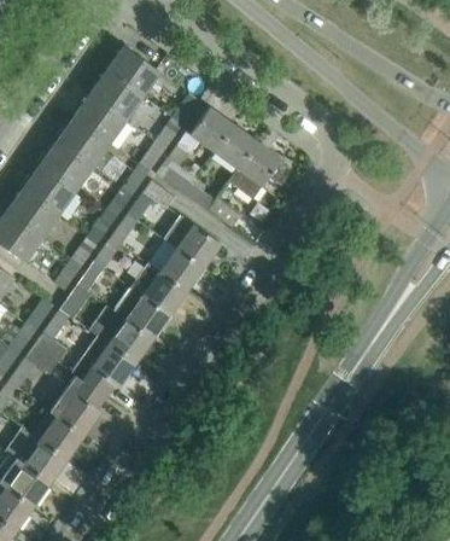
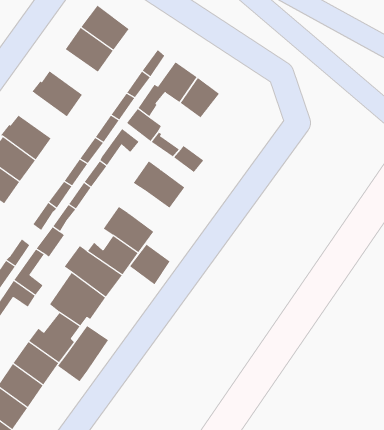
building: [72,94,125,144] -> none
building: [37,141,92,191] -> none
building: [228,142,287,199] -> none
building: [158,248,203,292] -> [129,244,171,285]
building: none -> [57,325,109,382]

